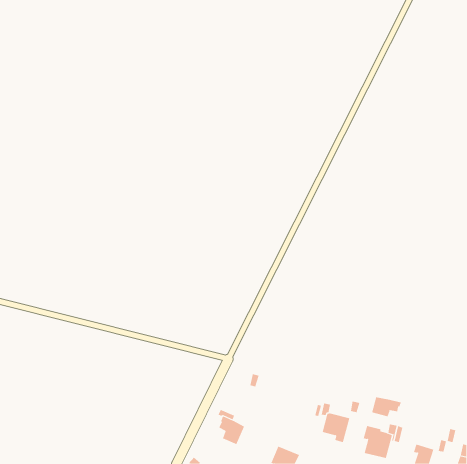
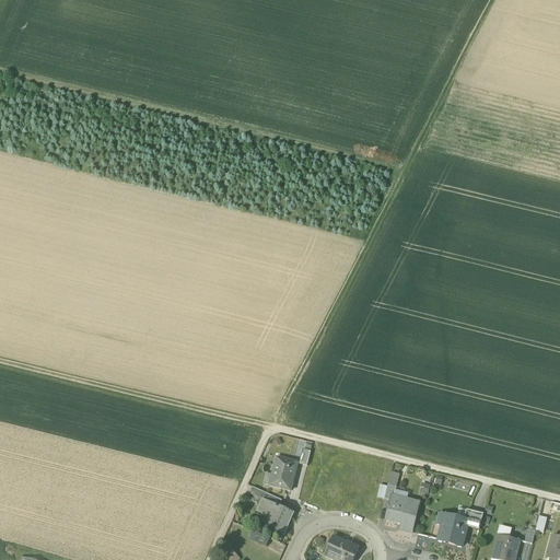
building: none -> [269,455,296,489]
building: [372,396,401,417] -> none

